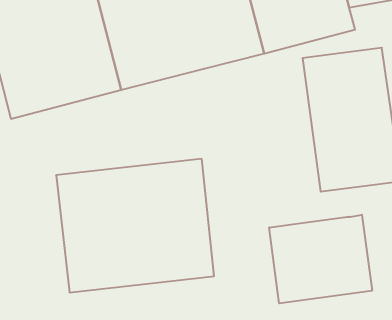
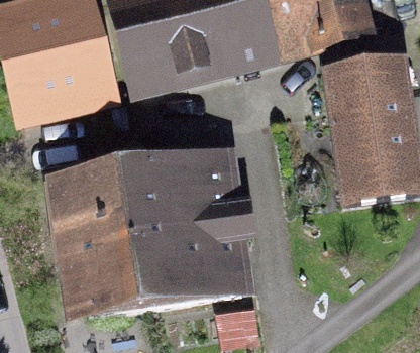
building: [269,215,372,303] -> none

